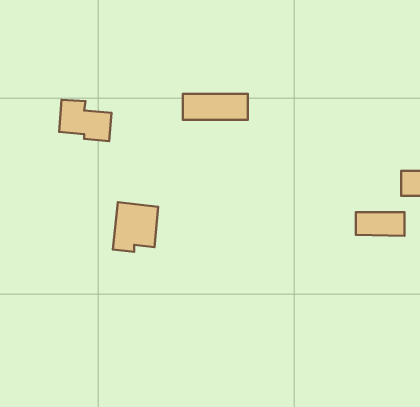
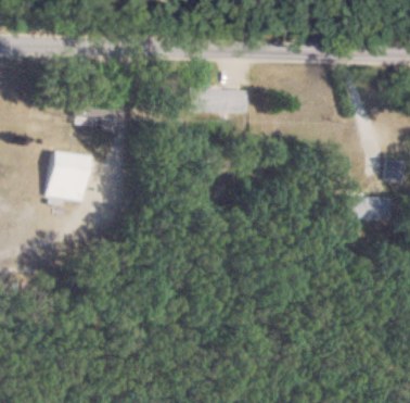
building: [113,202,158,252] -> [46,151,87,197]

